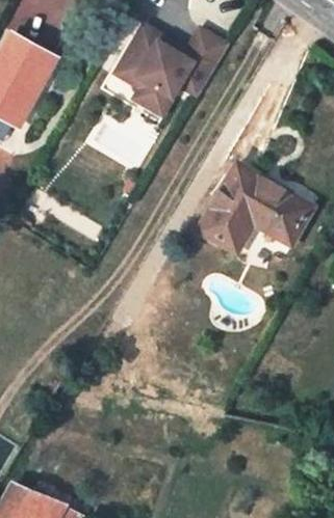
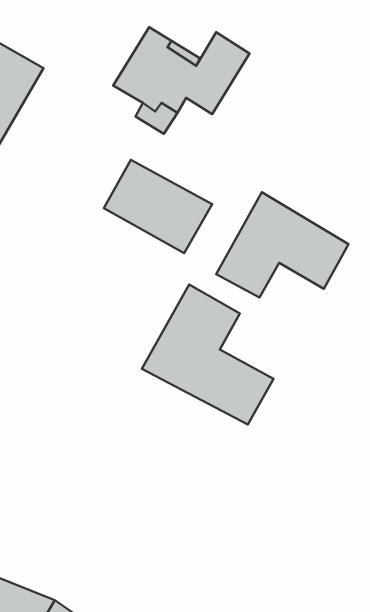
building: none -> [104,160,212,253]
building: none -> [142,284,274,425]

